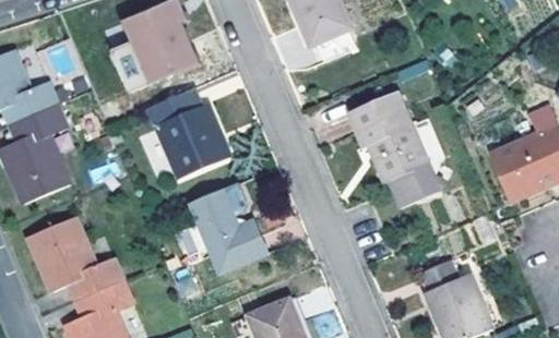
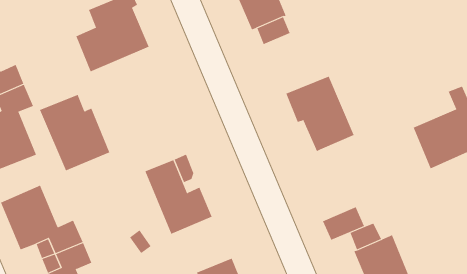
building: [147,88,227,174] -> [39,94,110,171]
building: [388,161,436,200] -> [322,207,365,241]

